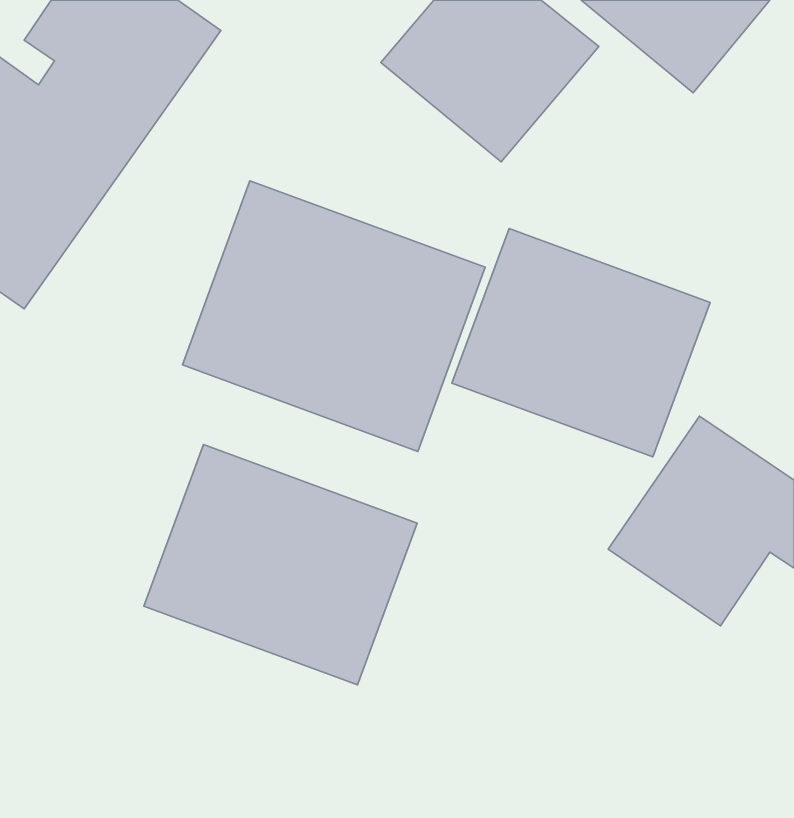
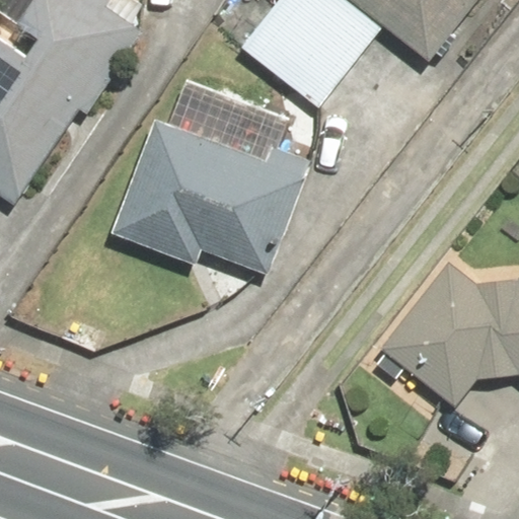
building: [452,229,710,457] -> none
building: [144,445,417,685] -> none

